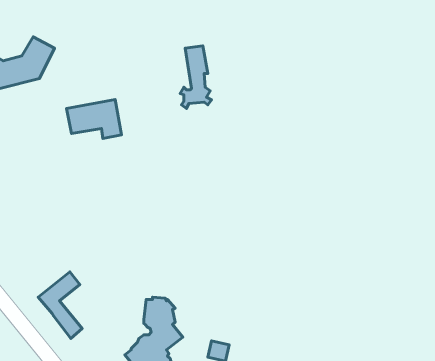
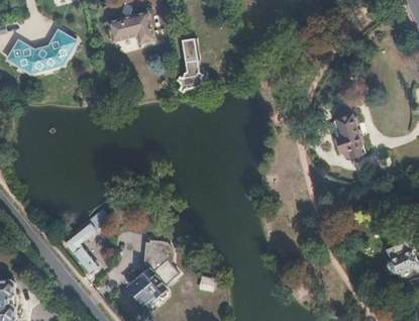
building: [66,100,122,139] -> [105,9,149,40]
building: none -> [332,107,365,160]

